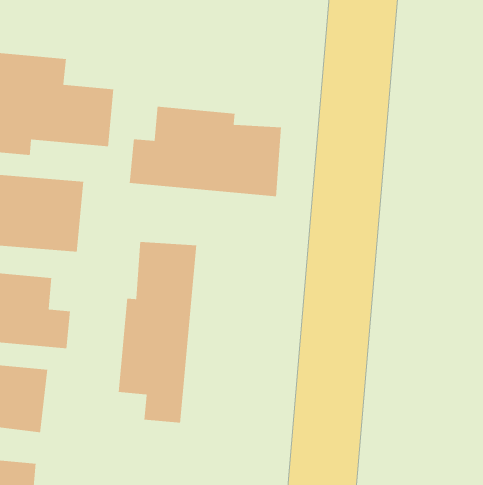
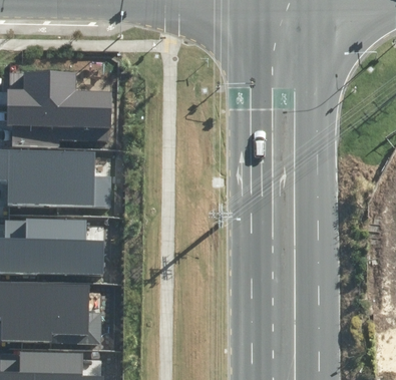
building: [129,106,282,197] -> none
building: [118,241,197,423] -> none

